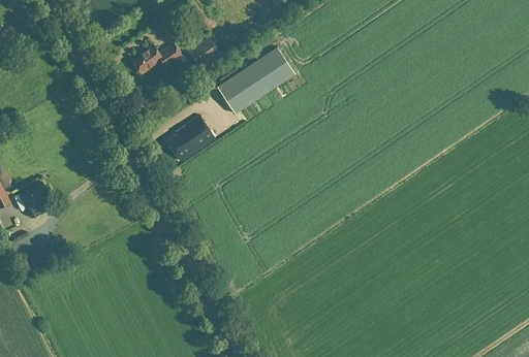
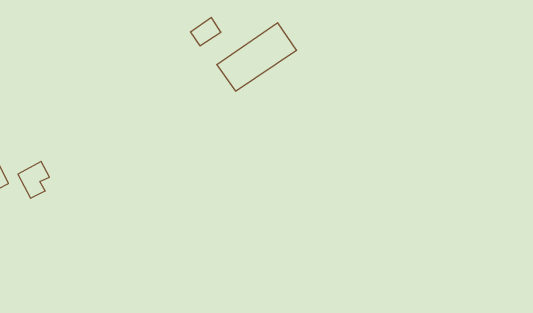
building: [130,44,181,74] -> none
building: [165,117,214,161] -> none

